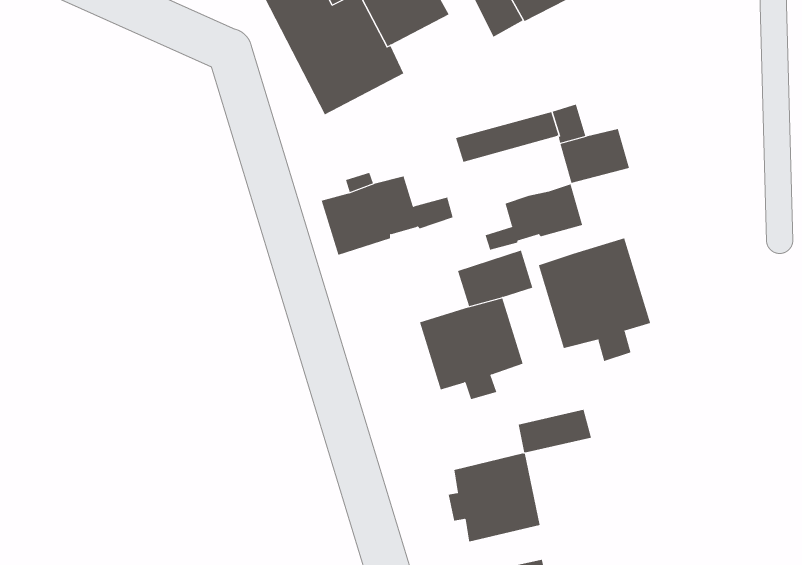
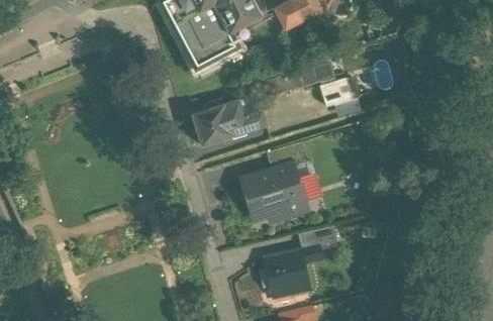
building: [485,184,583,250] -> none
building: [538,237,651,362] -> none

